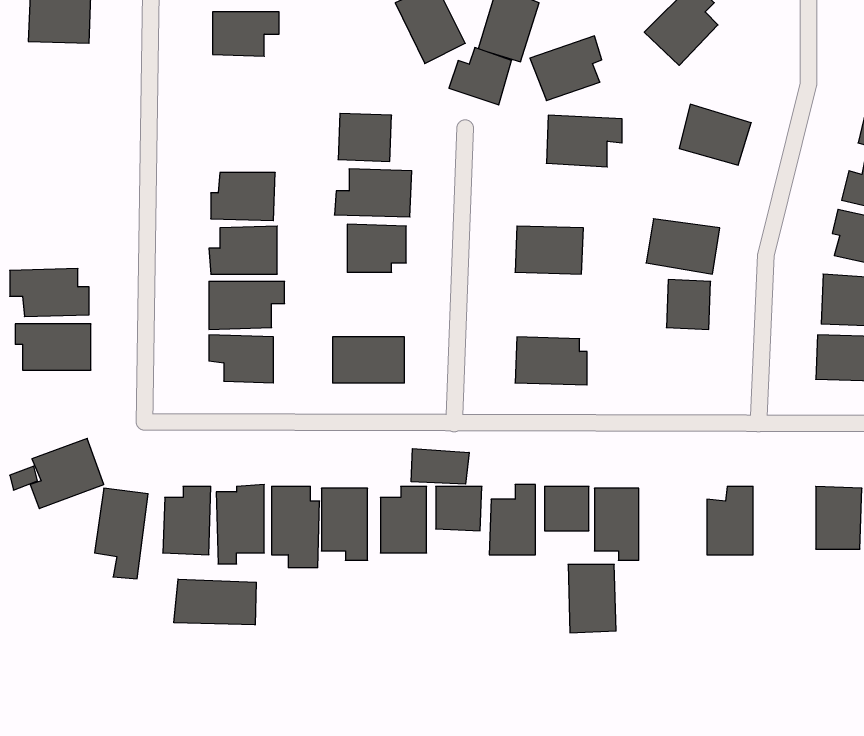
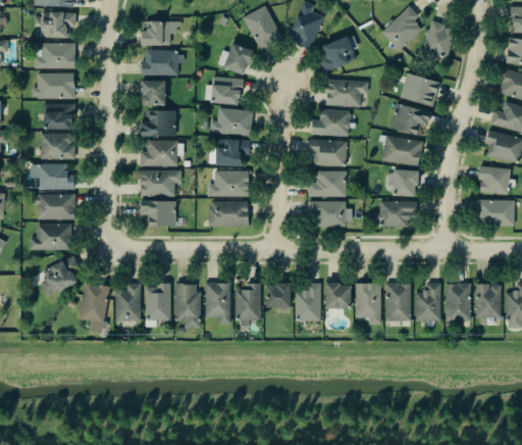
building: none -> [424,22,456,57]
building: [449,48,512,105] -> [218,43,253,75]
building: none -> [35,43,75,69]
building: none -> [142,51,185,76]
building: none -> [33,73,74,99]
building: none -> [142,80,165,105]
building: none -> [44,103,74,130]
building: none -> [390,103,431,136]
building: none -> [312,109,351,136]
building: none -> [41,134,75,159]
building: none -> [208,170,249,197]
building: none -> [309,171,347,197]
building: none -> [379,201,417,227]
building: none -> [31,224,72,250]
building: [411,449,469,484] -> none
building: none -> [446,284,472,322]
building: [568,564,616,633] -> [385,284,412,322]
building: [174,579,256,625] -> none

